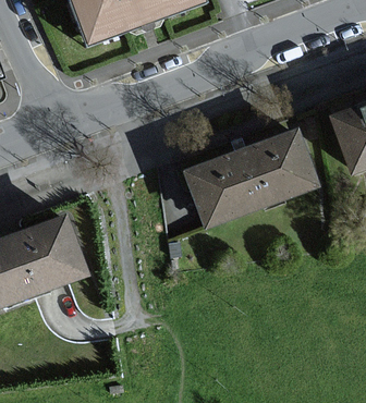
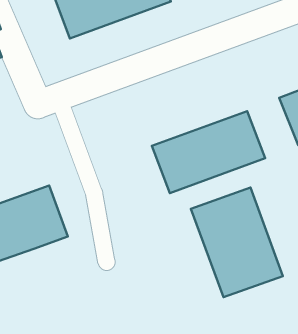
building: none -> [191,188,283,297]

